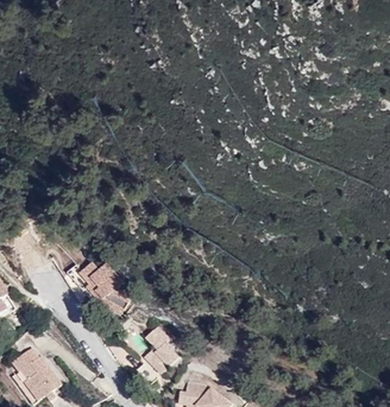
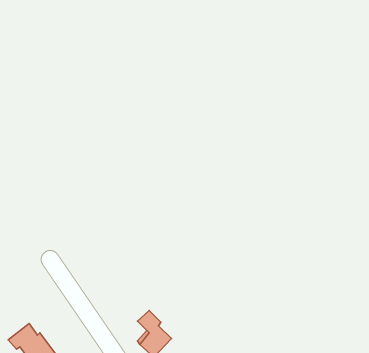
building: [83,260,127,303] -> none

